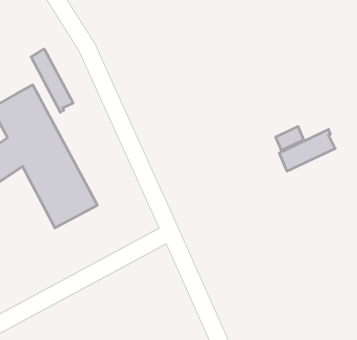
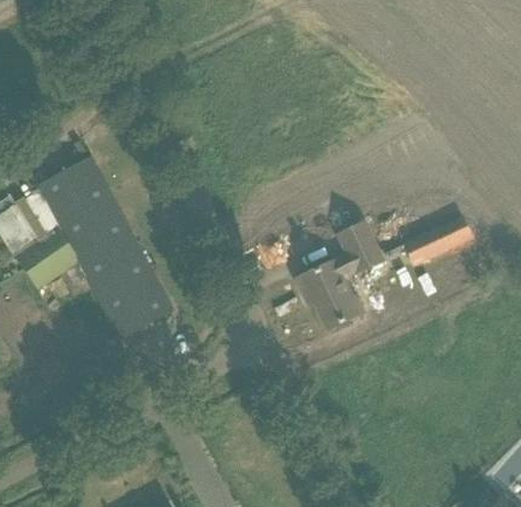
building: [31,49,73,112] -> none
building: none -> [297,221,382,329]

